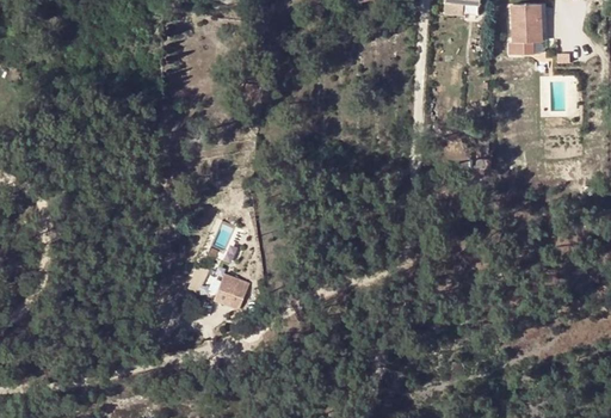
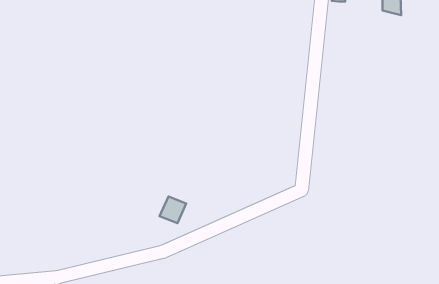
building: [512,27,537,57] -> none

